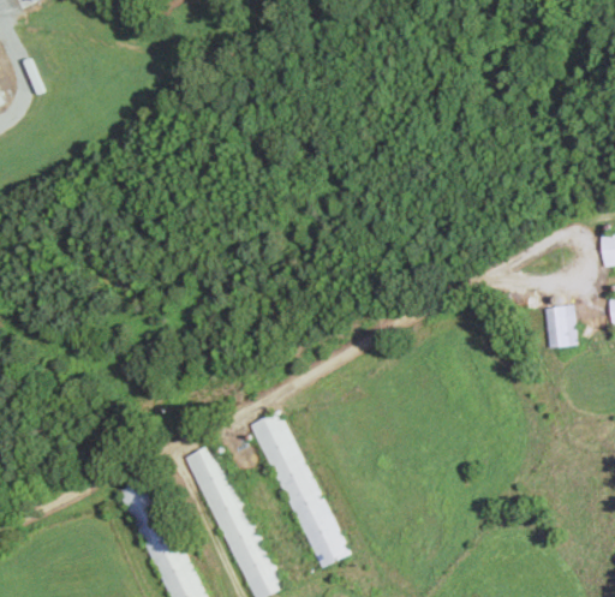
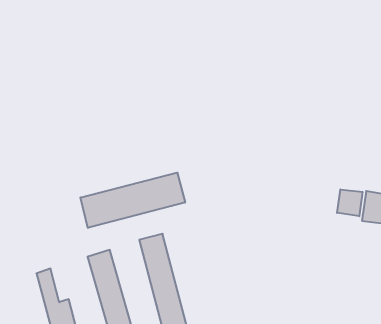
building: none -> [337,189,363,216]
building: none -> [80,173,185,228]

